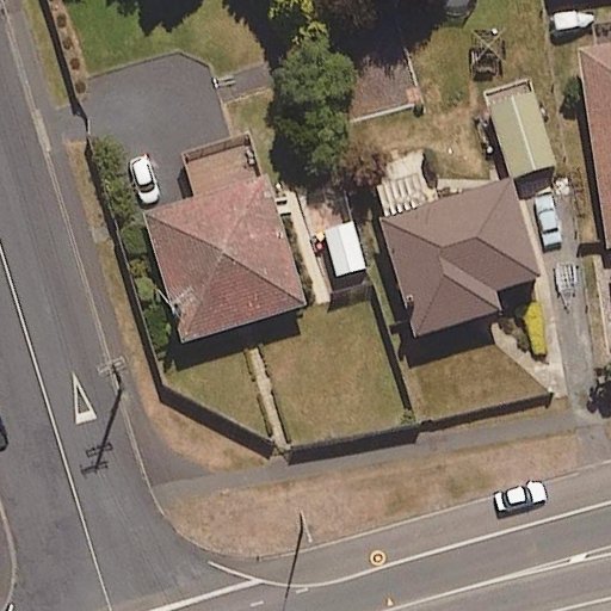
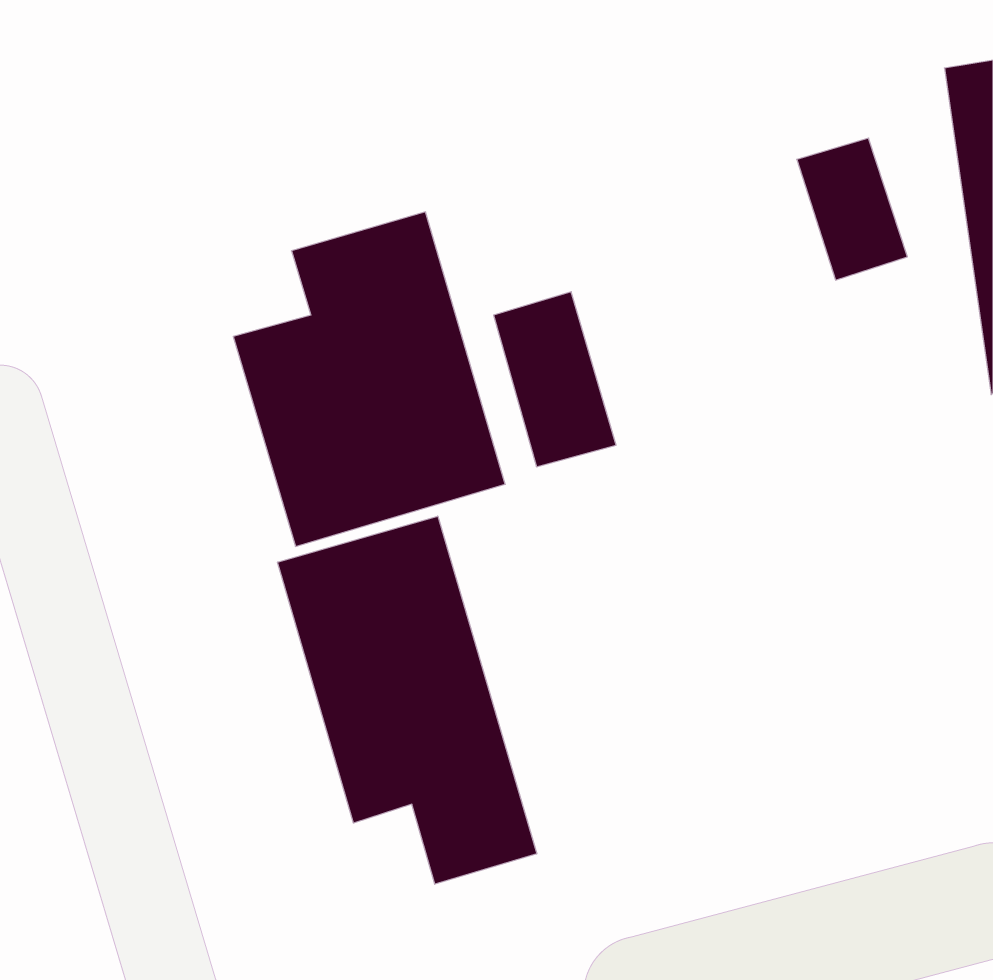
building: [368,152,539,334] -> none
building: none -> [278,516,537,884]

